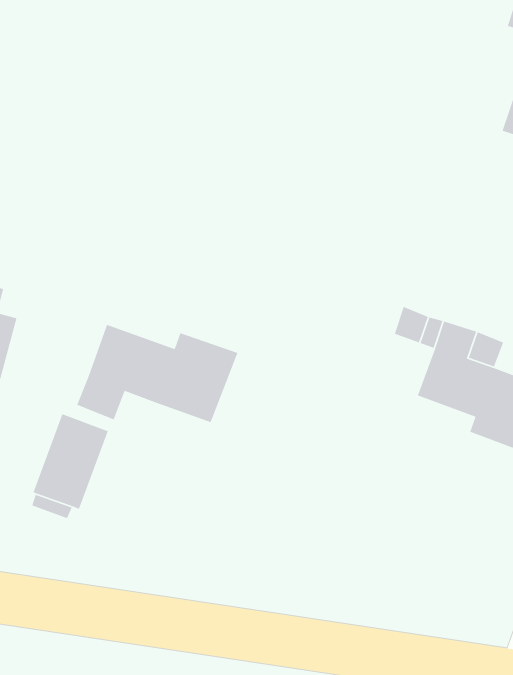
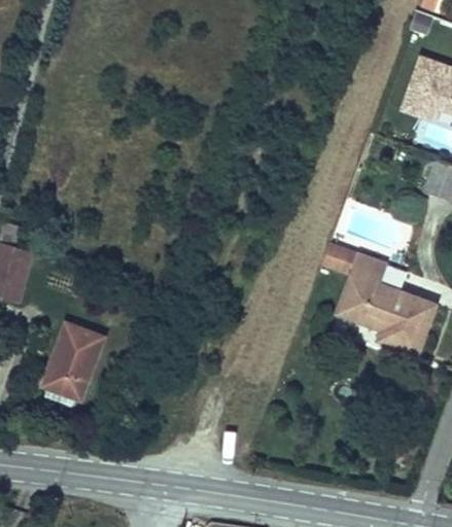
building: [76,324,238,423] -> none

